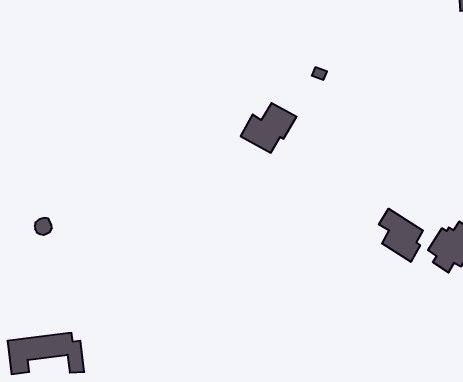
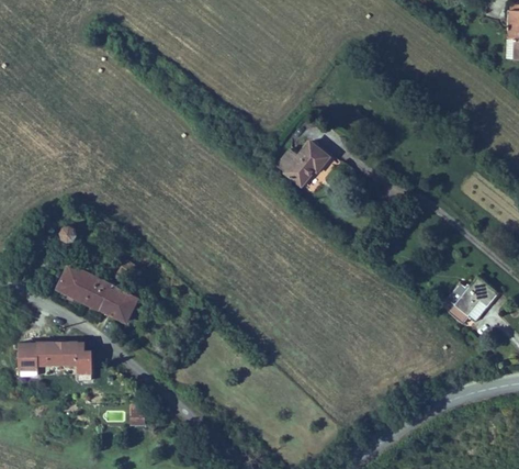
building: [379,209,423,262] -> none
building: none -> [56,263,140,324]

